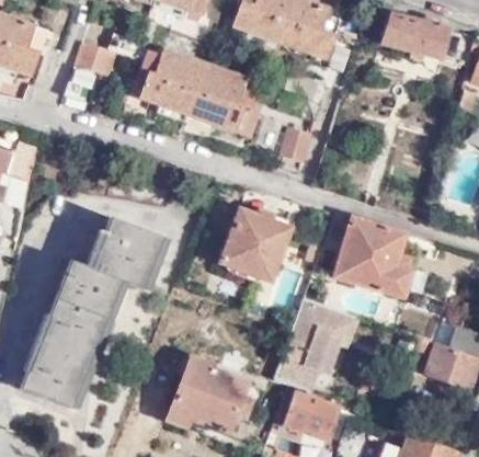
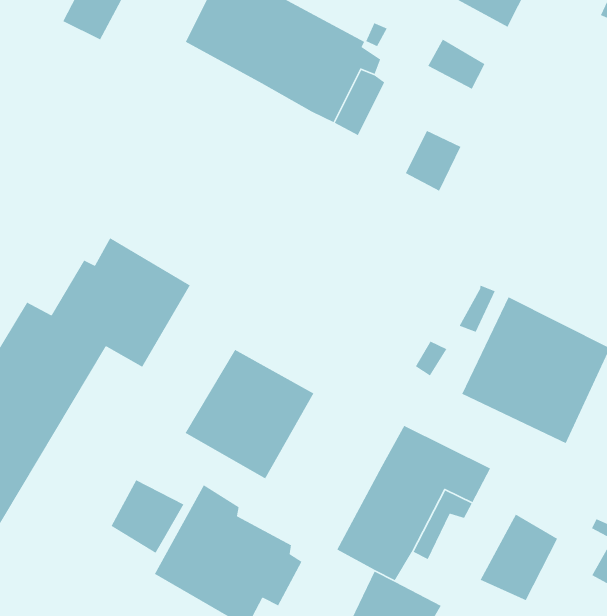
building: [218,209,290,283] -> [184,349,314,479]
building: none -> [480,513,558,601]
building: none -> [111,479,185,554]

